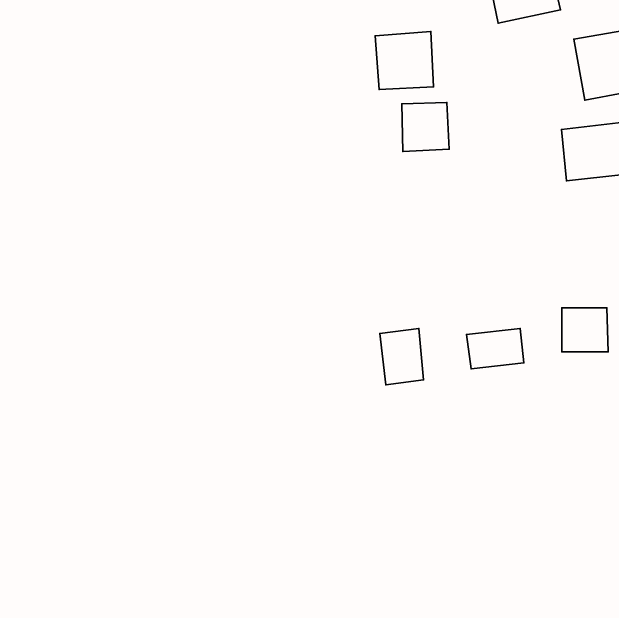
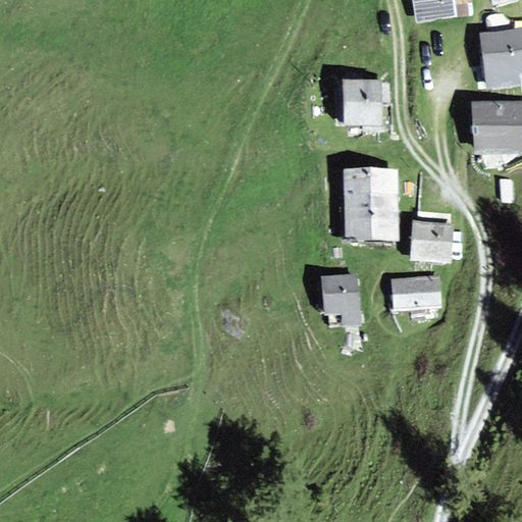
building: [375,31,434,90] -> none
building: none -> [342,173,395,239]
building: [562,308,608,352] -> [413,222,452,259]

